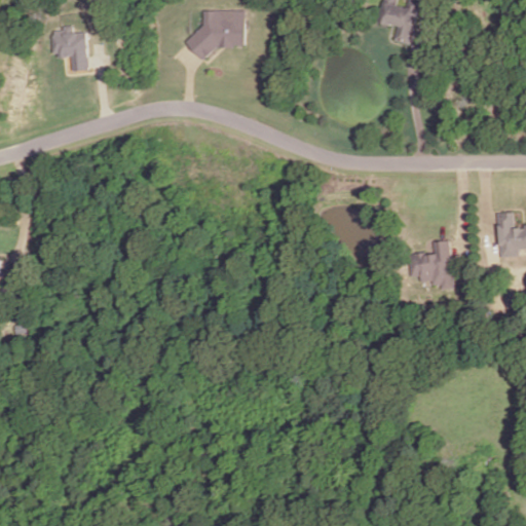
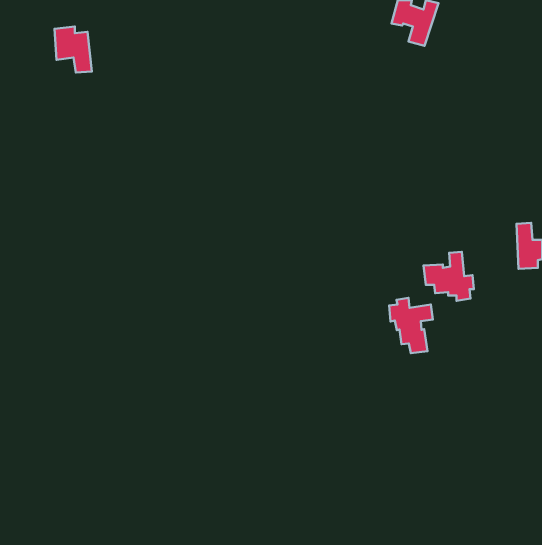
building: [187,9,243,48] -> none
building: none -> [389,298,433,353]

